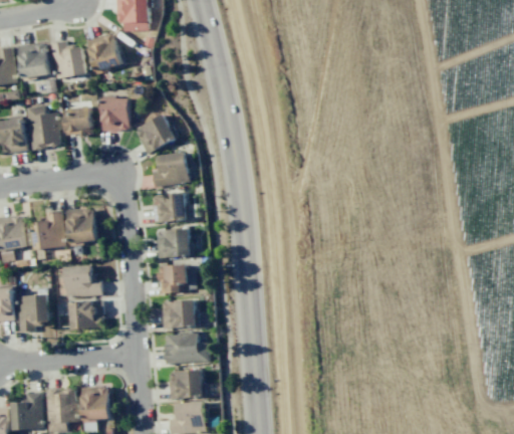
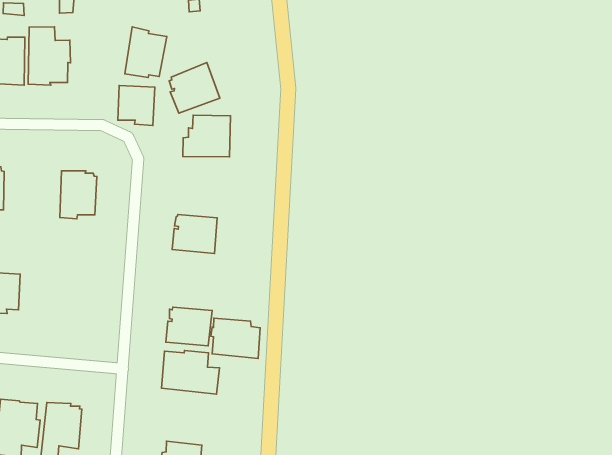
building: [63,106,93,137] -> [118,86,155,126]
building: [153,193,187,223] -> none
building: [32,210,66,250] -> none
building: [159,263,197,292] -> [211,318,260,358]
building: [64,265,102,297] -> none
building: [66,300,103,329] -> none
building: [170,370,203,399] -> none

